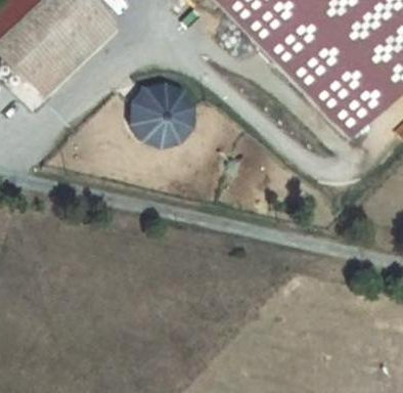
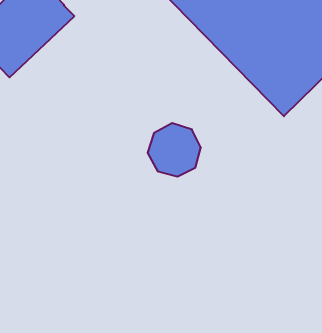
building: [131,86,191,146] -> [148,123,201,176]

